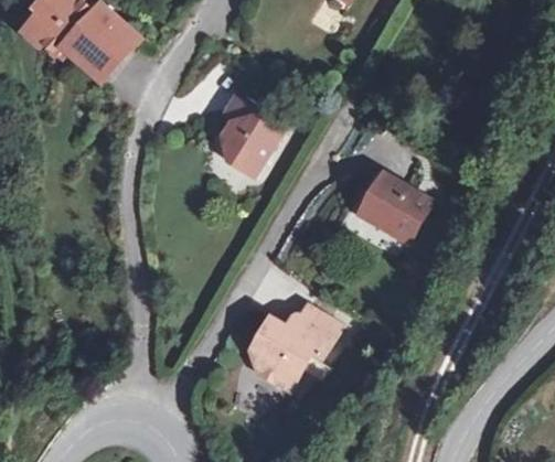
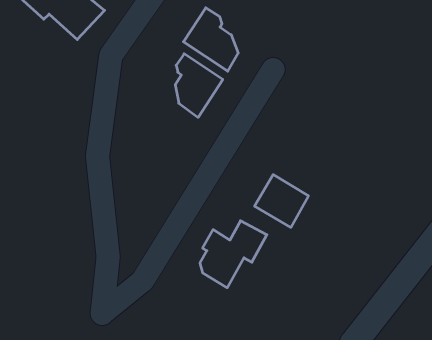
building: none -> [183,8,238,71]
building: [360,173,427,239] -> [255,175,308,227]

